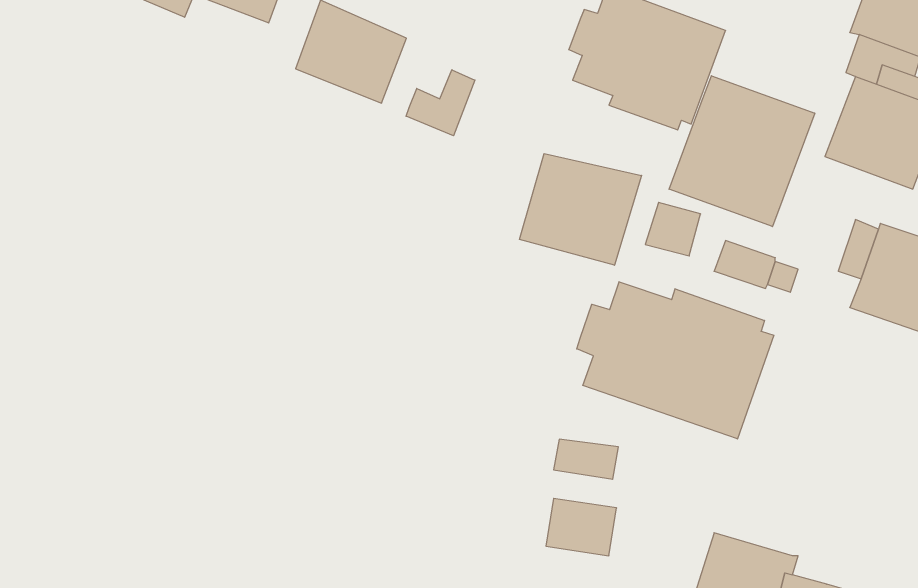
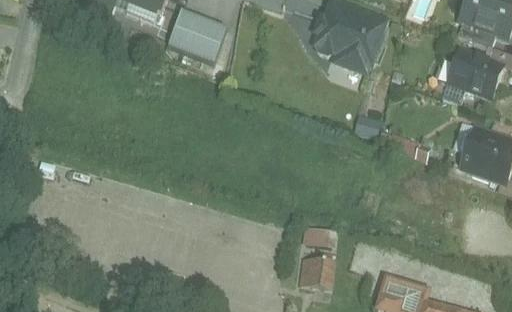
building: [406,70,475,136] -> none
building: [669,76,815,227] -> none
building: [520,154,642,265] -> none
building: [577,282,774,439] -> none

